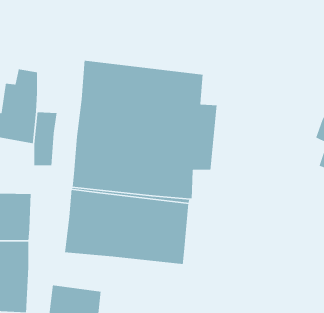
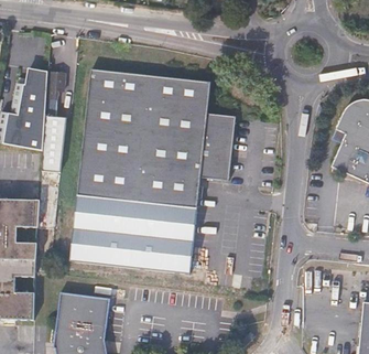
building: none -> [46,73,66,100]

